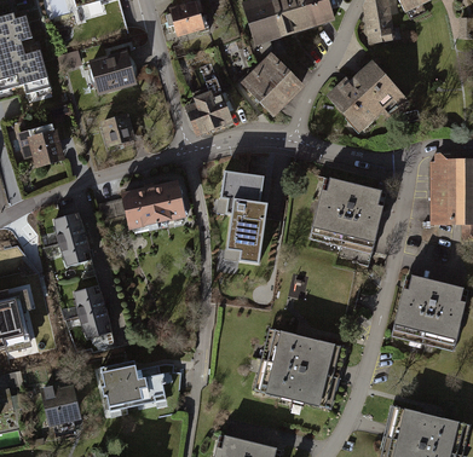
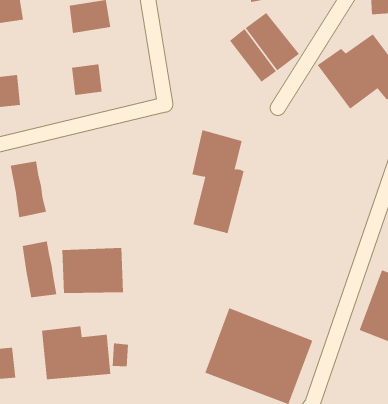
building: [185,89,235,135] -> none
building: [310,172,383,249] -> none
building: [119,185,180,233] -> [62,248,124,293]

